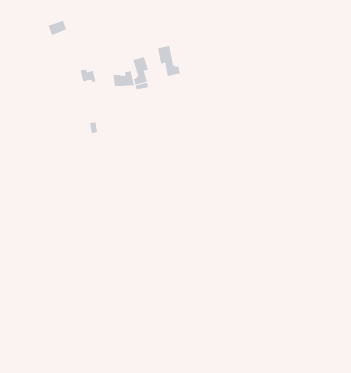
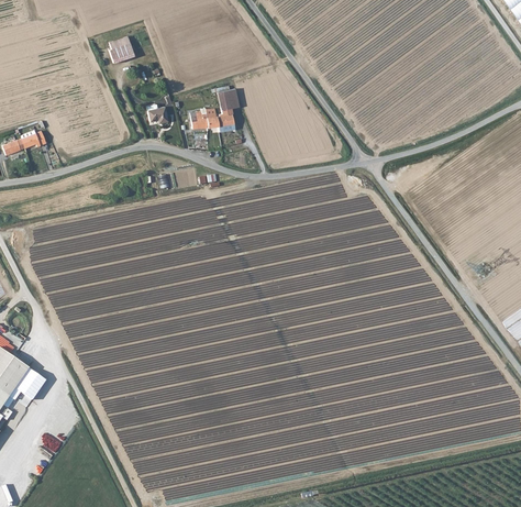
building: [157,45,180,77] -> none

